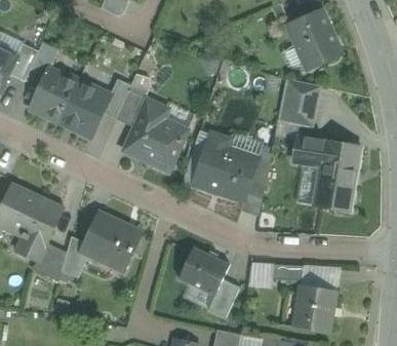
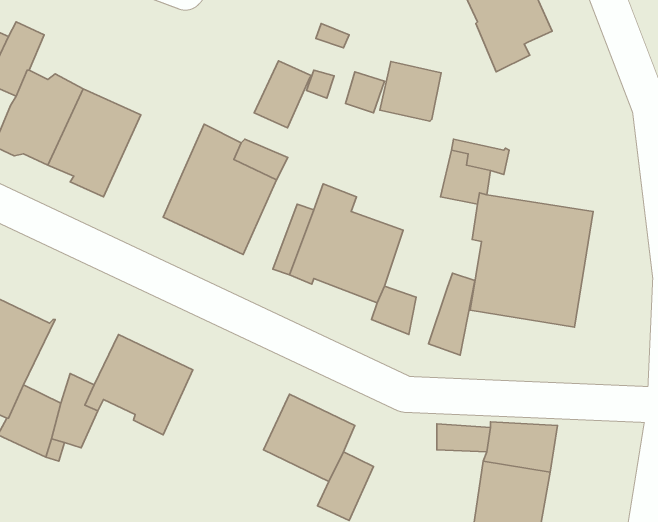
building: [283,80,317,113] -> [380,62,441,121]
building: [115,89,147,126] -> [254,61,312,128]
building: [245,149,271,194] -> [428,273,475,355]
building: [250,263,274,286] -> none

